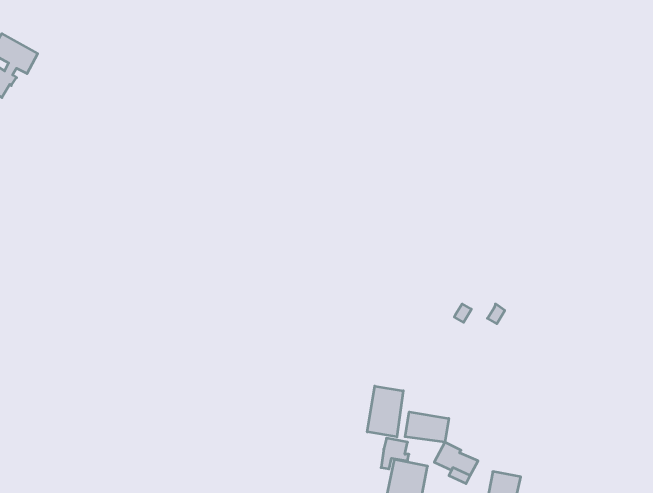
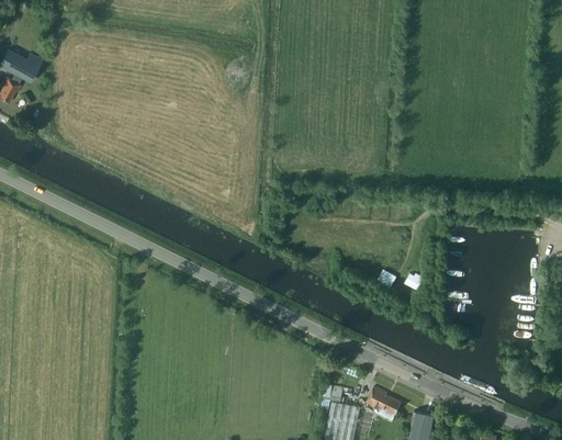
building: [367,386,403,437] -> none
building: [405,412,449,442] -> none

